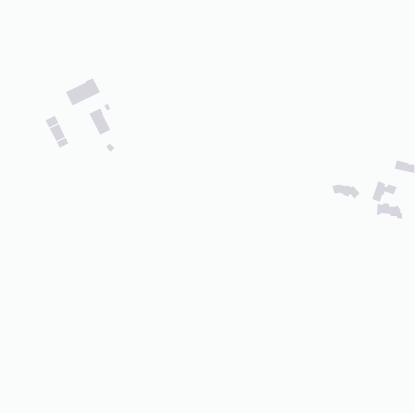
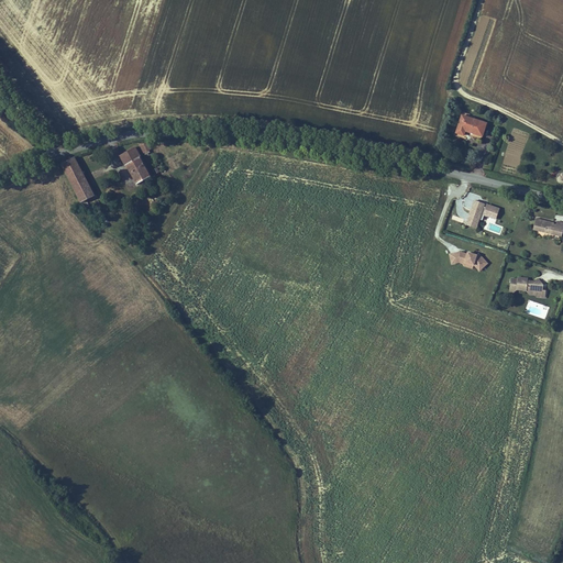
building: [65,77,101,106] -> none
building: none -> [455,113,487,135]
building: [371,180,397,202] -> [465,198,500,228]

